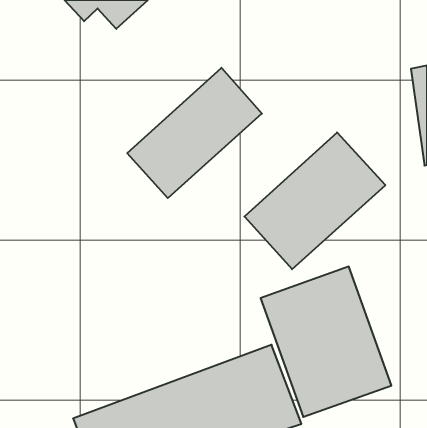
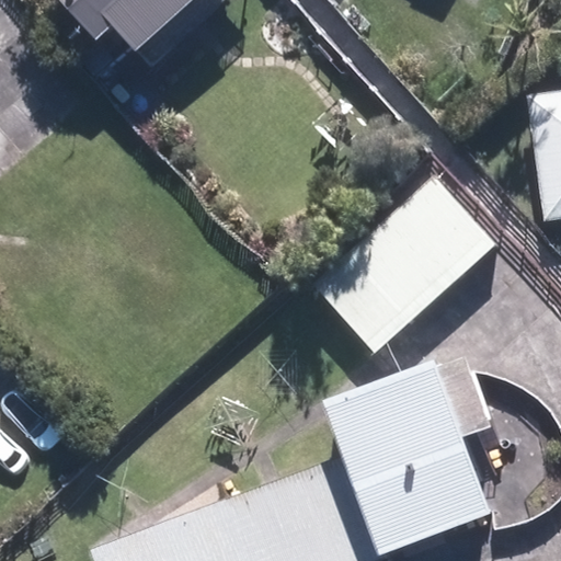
building: [127,68,262,198] -> none

